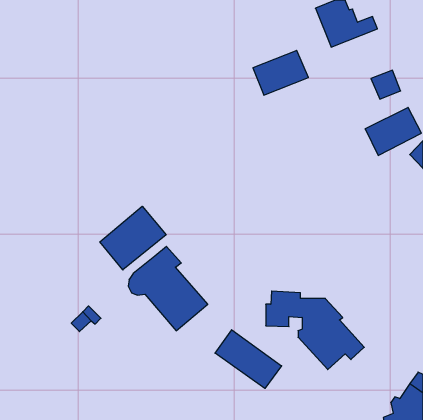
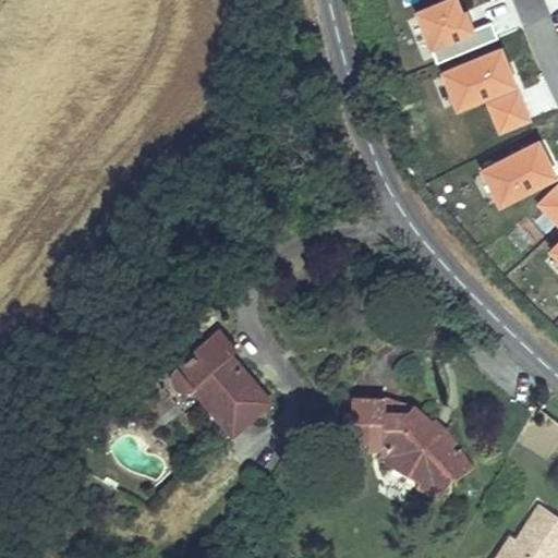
building: [253,50,308,95] -> [441,52,514,111]
building: [100,206,166,270] -> none
building: [215,330,282,388] -> none

